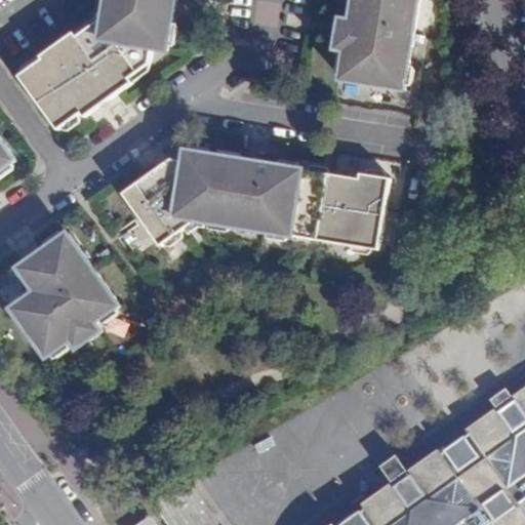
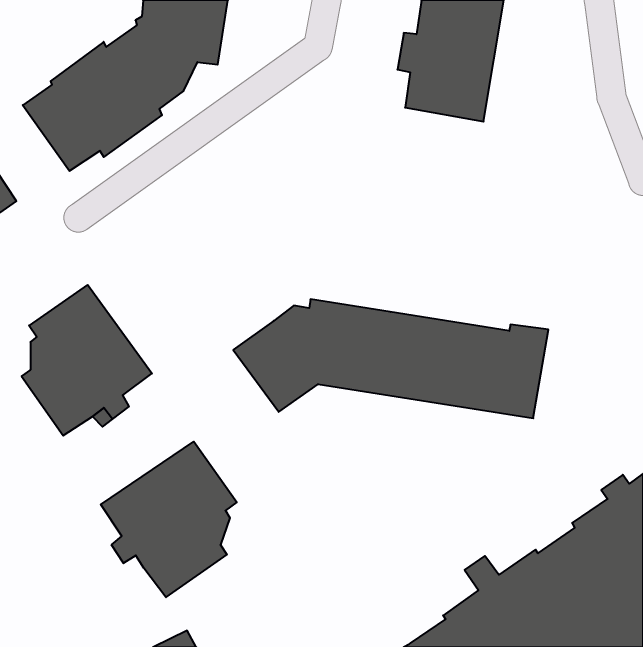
building: [125,150,380,246] -> [233,299,548,418]
building: none -> [101,442,237,597]

